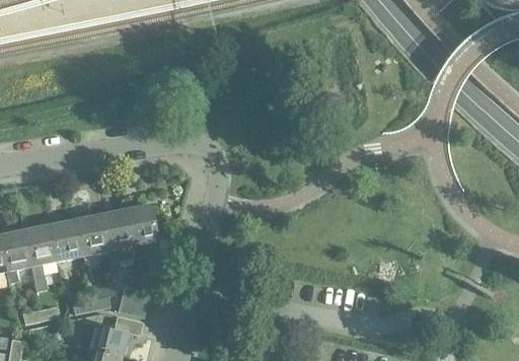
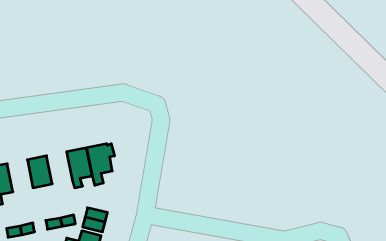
building: [74,215,106,256] -> none
building: [24,225,57,291] -> none

